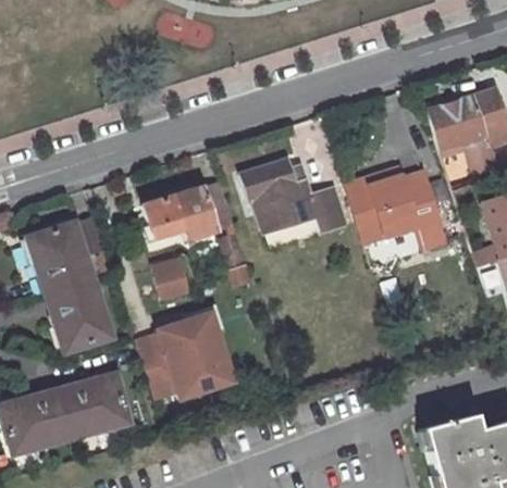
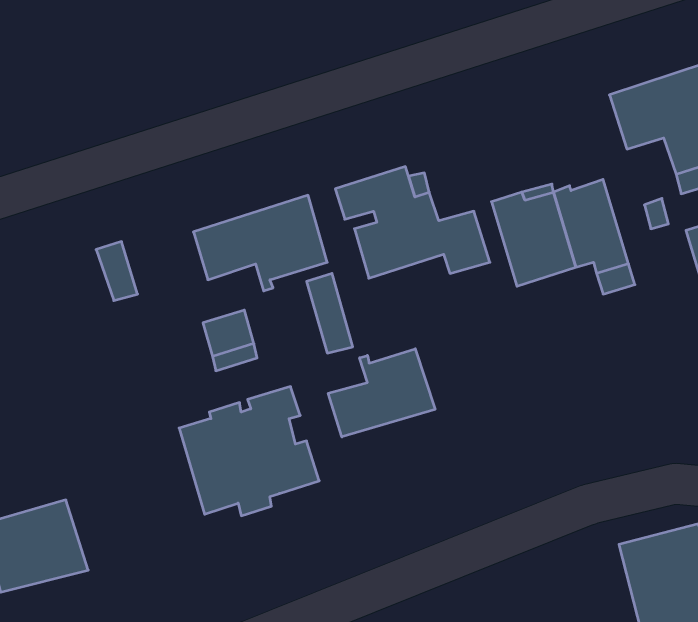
building: [27,220,111,349] -> none
building: none -> [328,349,435,437]
building: [57,371,127,437] -> none

